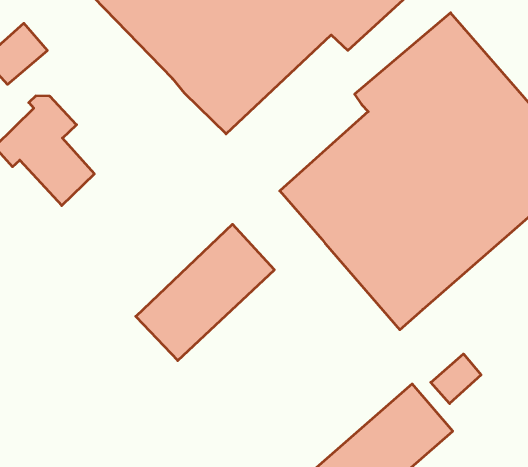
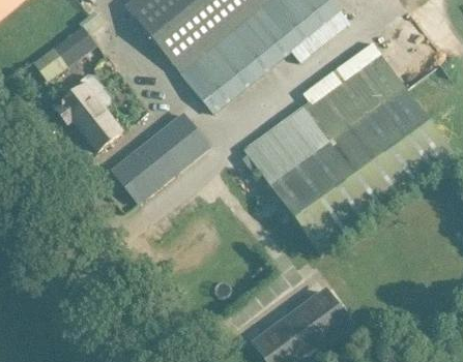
building: [136,224,274,361] -> [112,113,208,202]
building: [431,354,481,404] -> none

